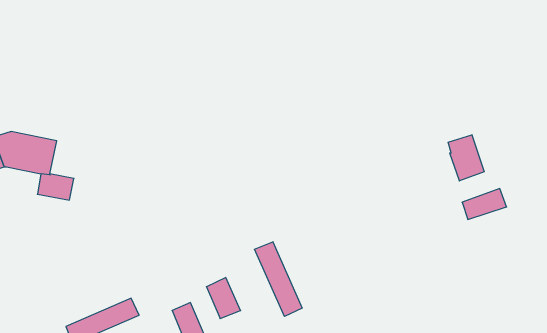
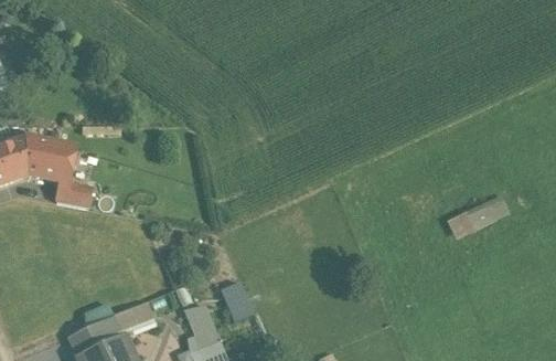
building: [448,135,484,181] -> none
building: [254,242,302,316] -> none

